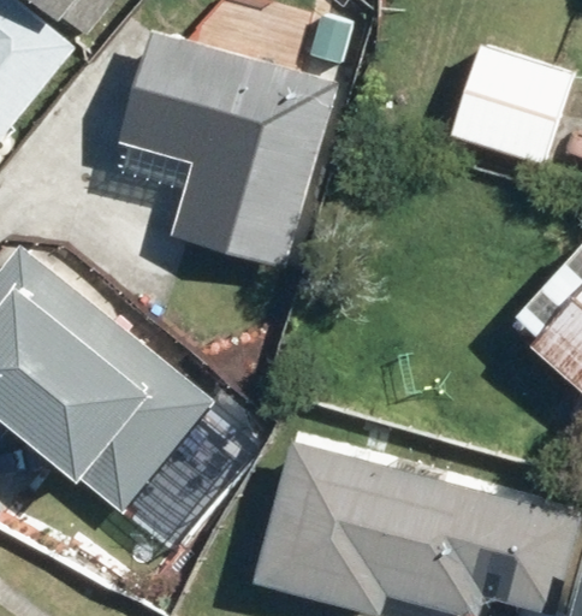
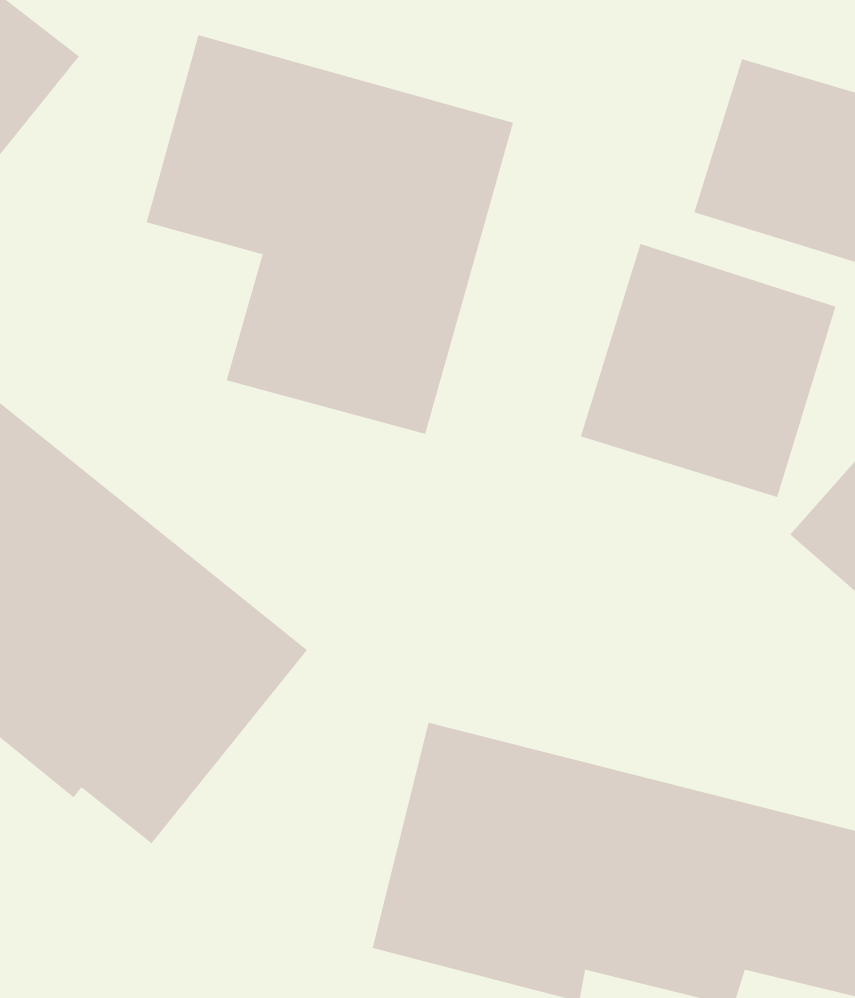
building: none -> [580,243,836,498]

